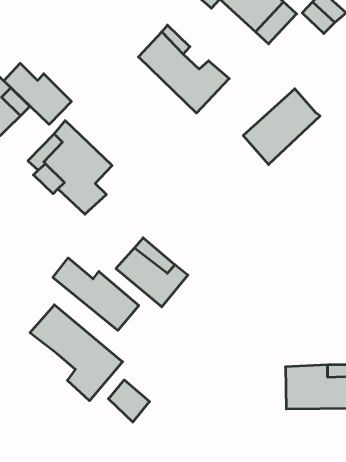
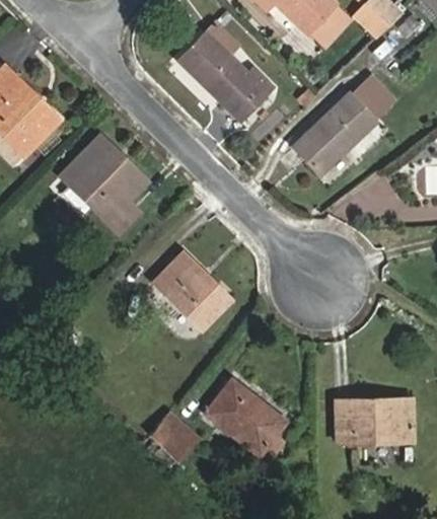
building: [4,63,71,124] -> none
building: none -> [348,79,393,126]
building: [53,258,139,330] -> none
building: [30,305,123,401] -> none
building: none -> [204,379,282,452]

